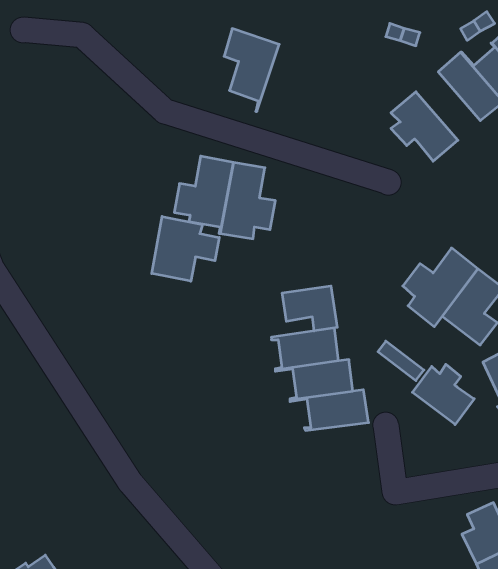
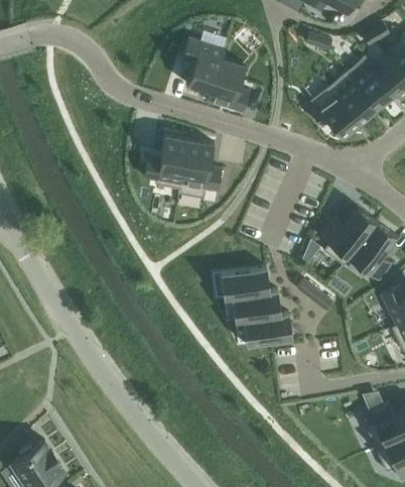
building: none -> [207,49,249,113]
building: none -> [328,71,378,123]
building: [152,216,219,281] -> none
building: [282,286,337,331] -> none
building: [412,364,474,425] -> none

